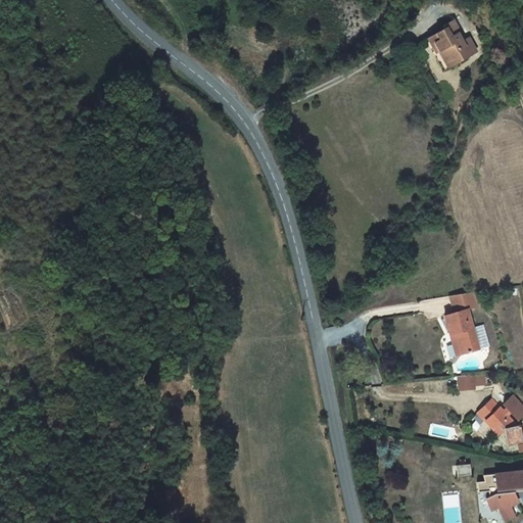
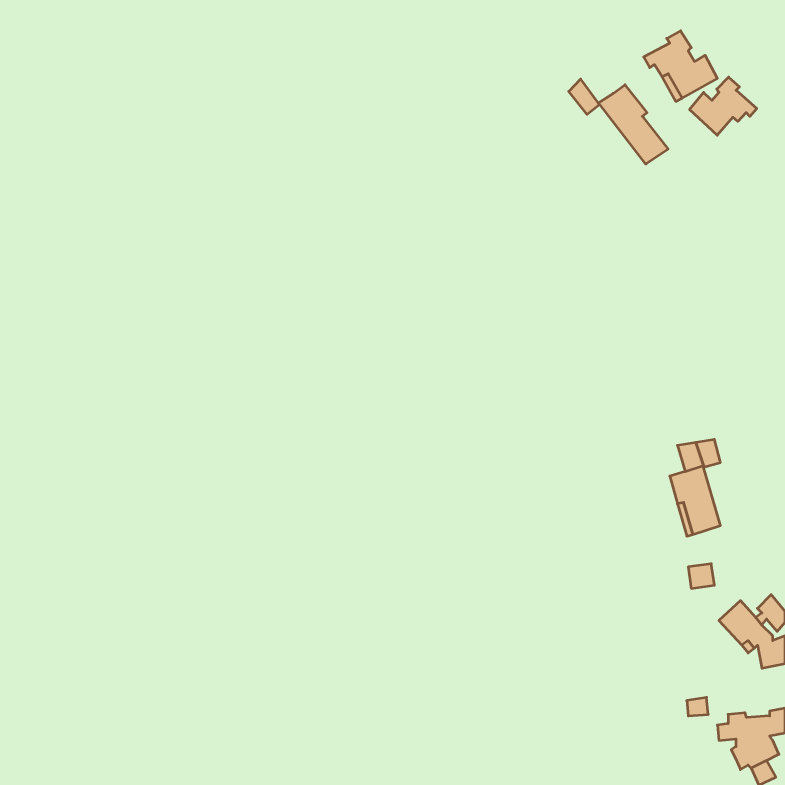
building: none -> [690,77,757,135]
building: none -> [569,79,668,164]

